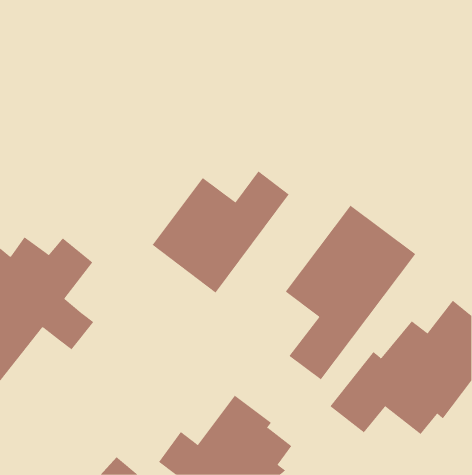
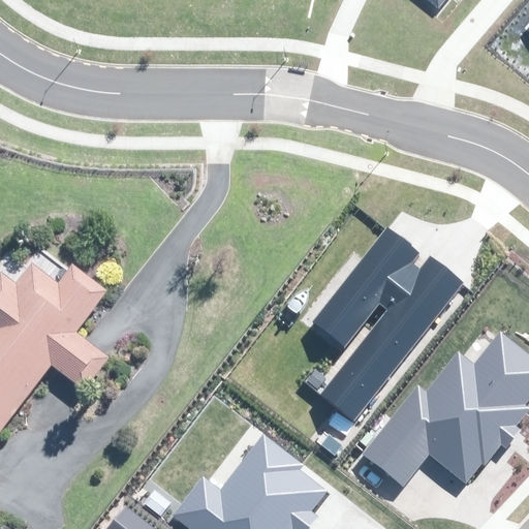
building: [152,171,290,293] -> none

